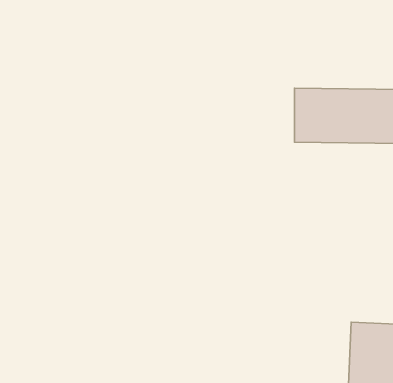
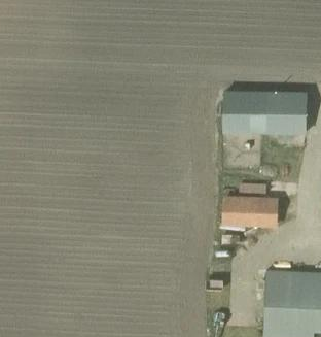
building: none -> [223,198,276,227]

